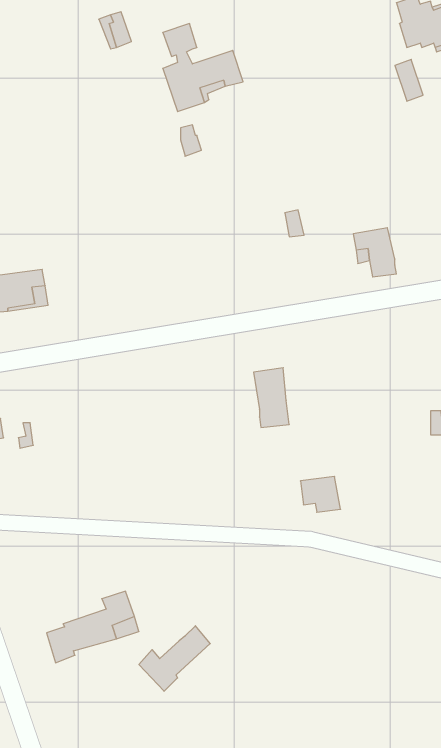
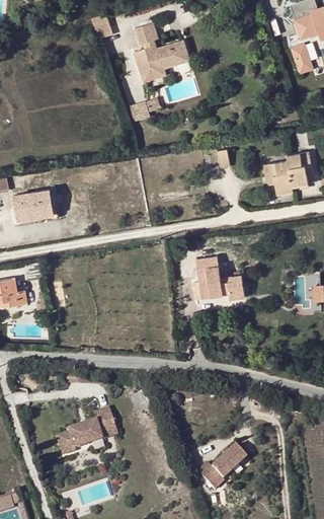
building: none -> [287,153,312,182]
building: [300,476,341,512] -> [218,276,245,300]
building: [139,626,210,691] -> [196,446,245,491]

